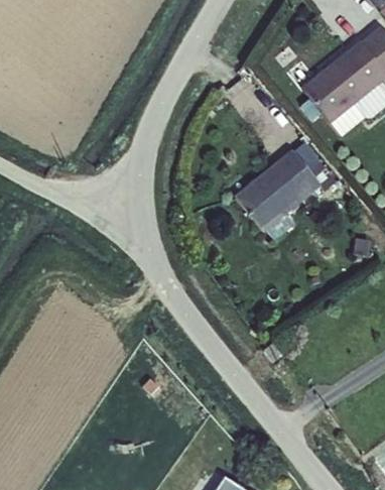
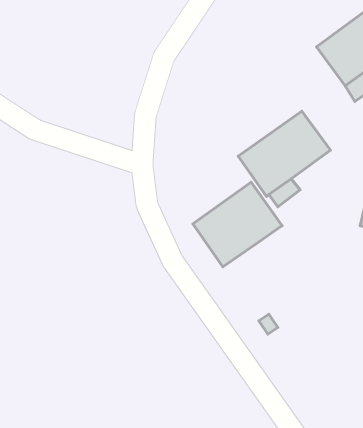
building: none -> [193,182,282,267]

